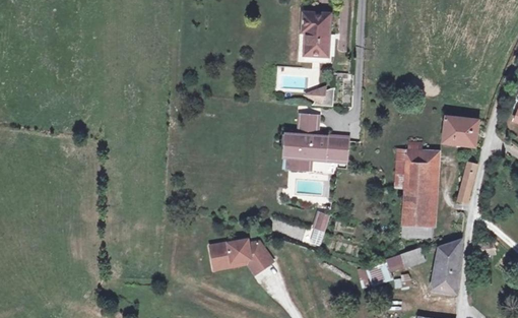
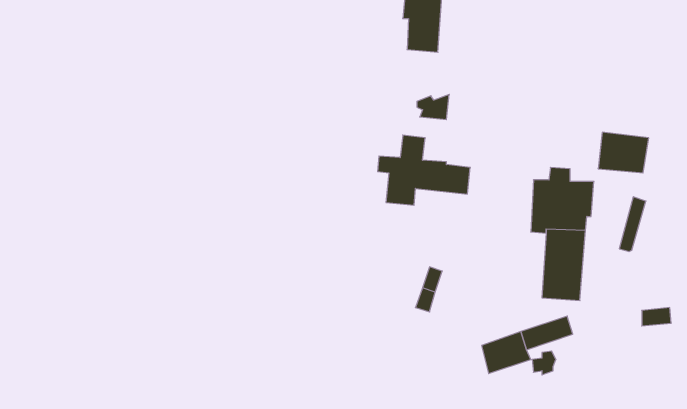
building: [209,240,272,271] -> none
building: [431,240,461,294] -> none

